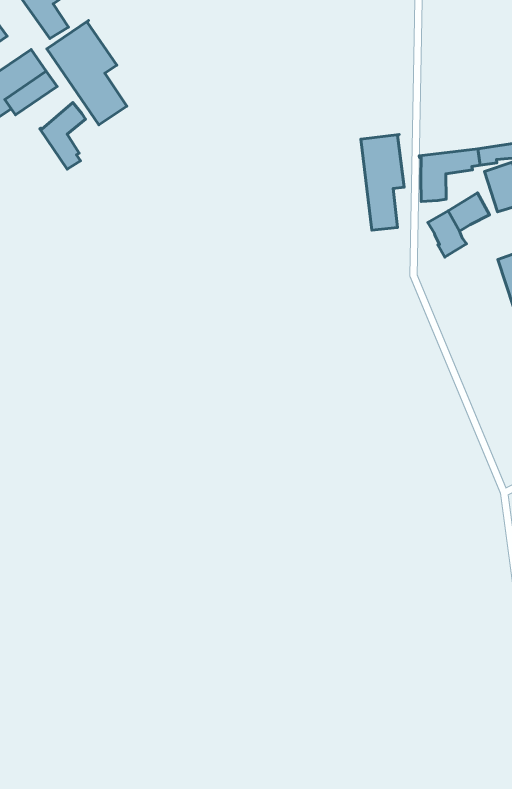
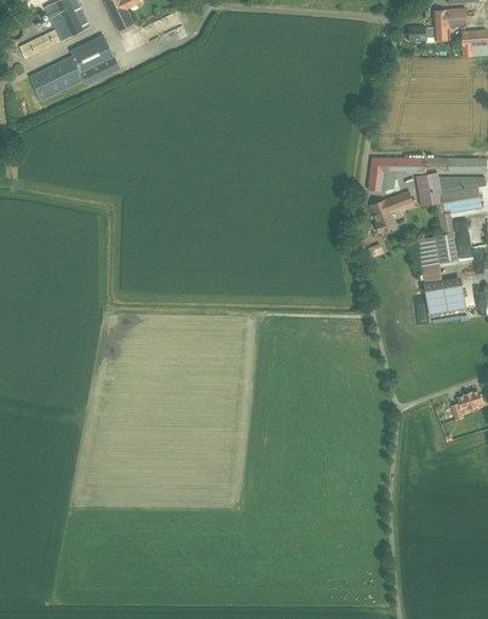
building: [47,20,127,125] -> none
building: [40,102,86,169] -> none
building: [361,134,404,230] -> none

